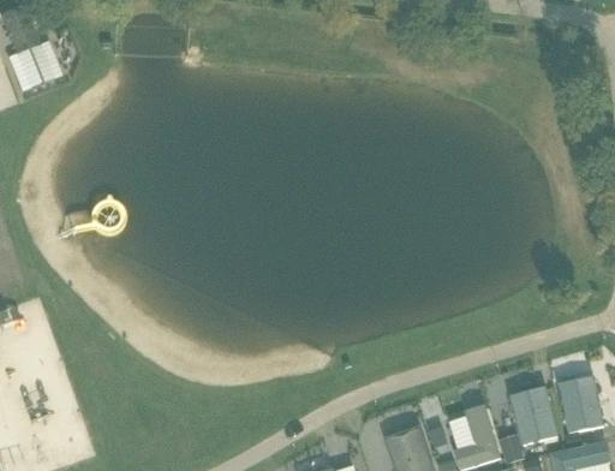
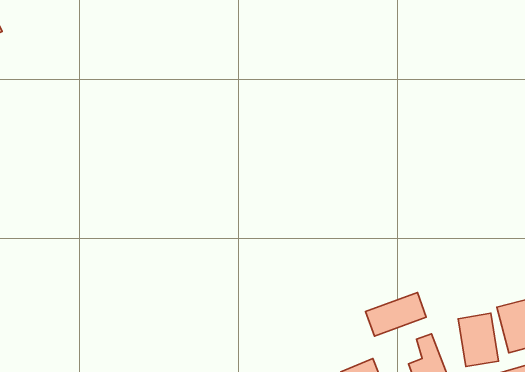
building: none -> [366,293,426,336]

